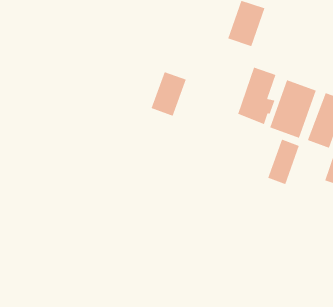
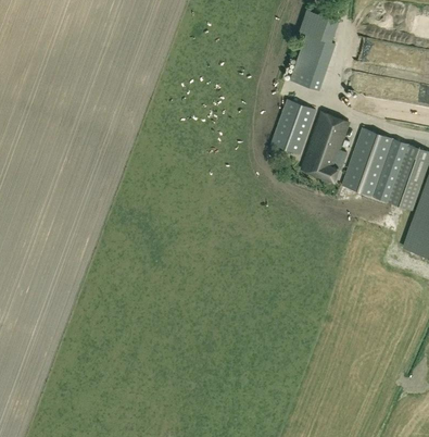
building: [150,71,187,117] -> [272,99,315,153]
building: [267,139,300,185] -> none

